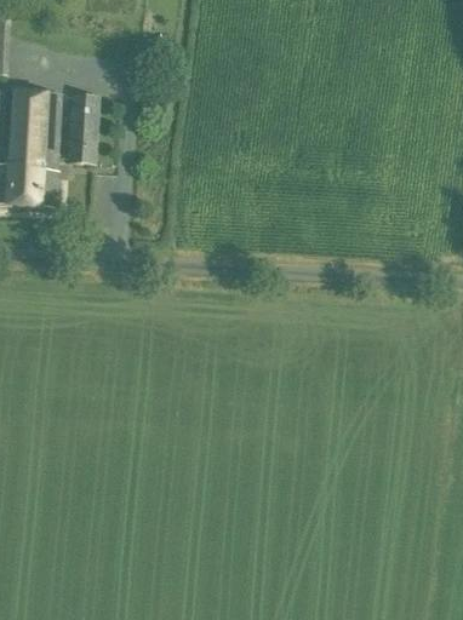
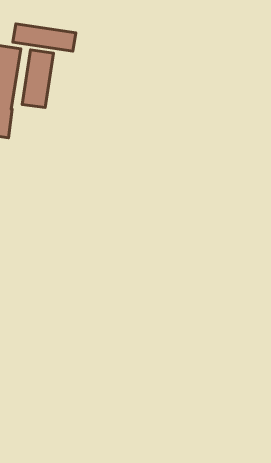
building: none -> [13,24,76,51]

